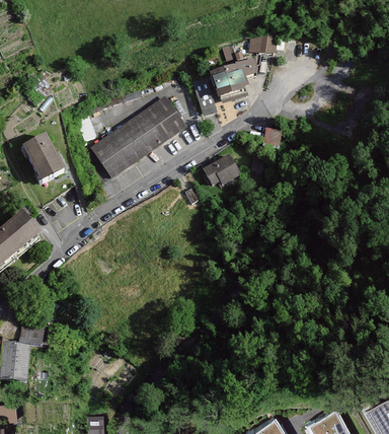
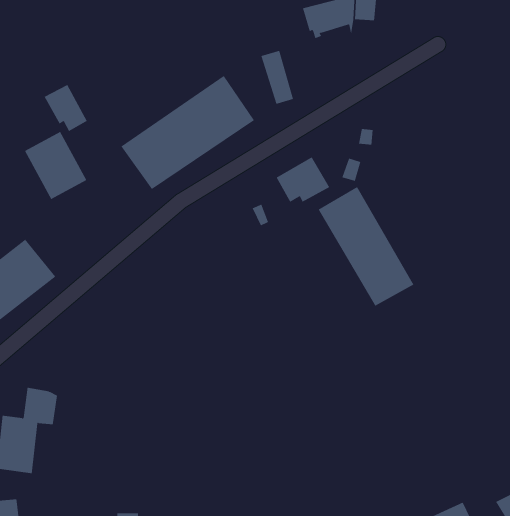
building: [208,59,257,102] -> none
building: none -> [44,84,88,132]
building: none -> [318,186,414,307]

